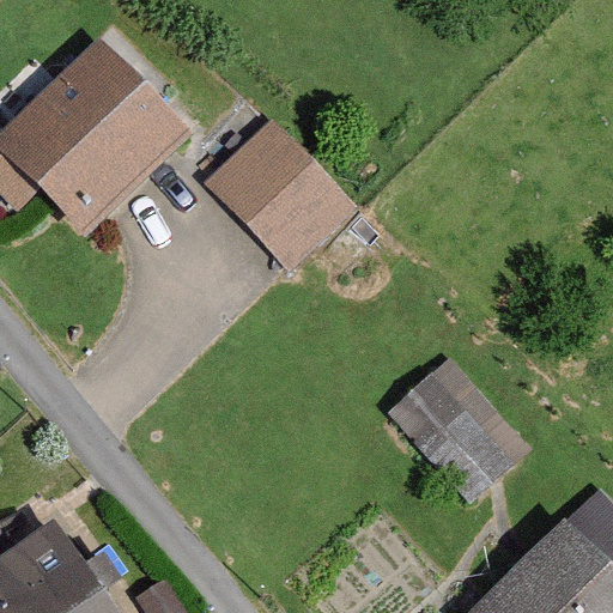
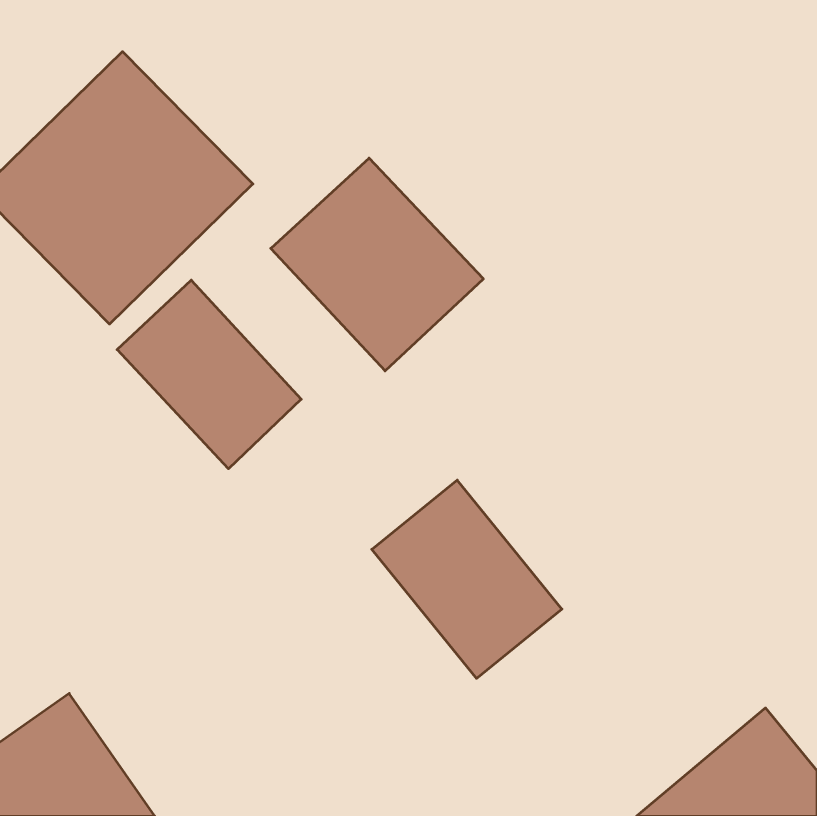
building: none -> [117,280,301,469]
building: [394,359,535,506] -> [372,480,562,678]

